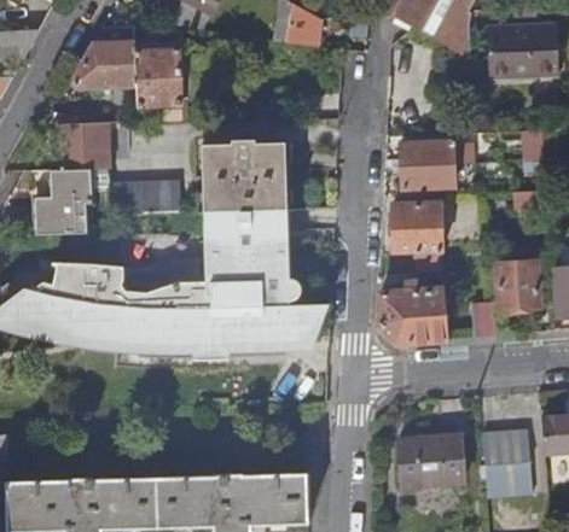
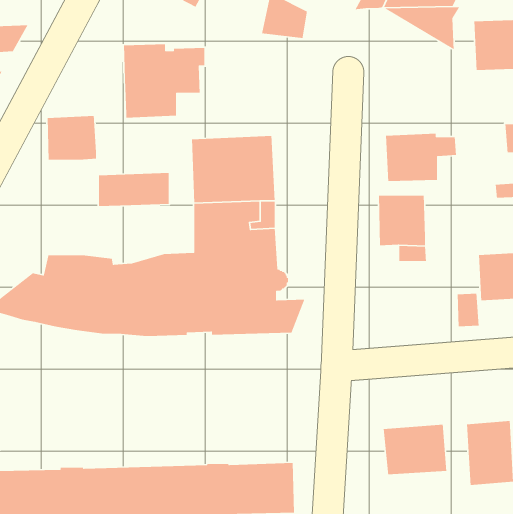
building: [71,27,135,88] -> none
building: [34,168,91,234] -> none
building: [378,280,447,343] -> none

